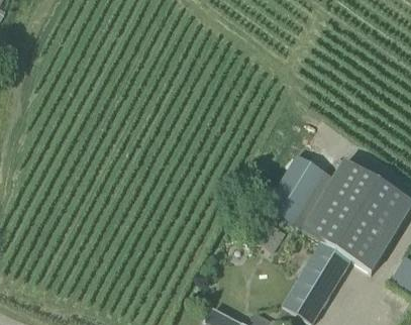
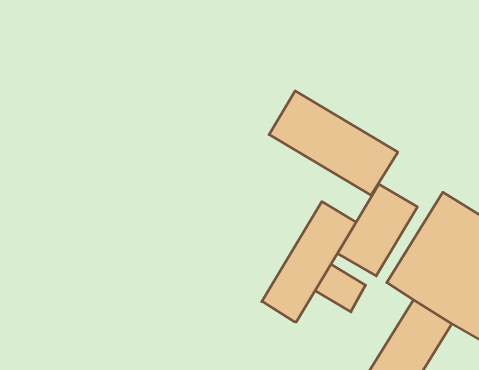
building: none -> [269,91,398,196]
building: none -> [262,202,356,322]

